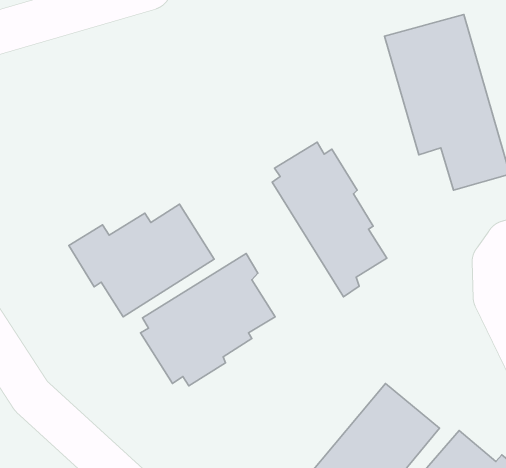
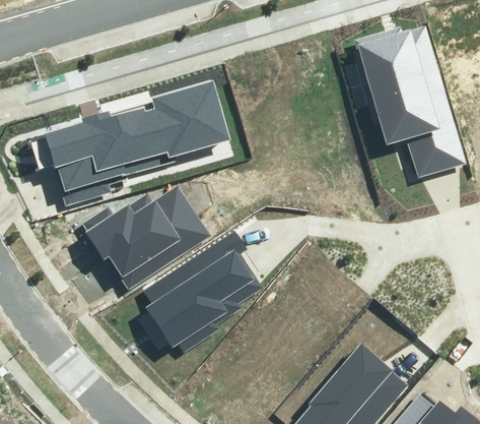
building: none -> [29,84,228,204]
building: [272,142,387,297] -> none

